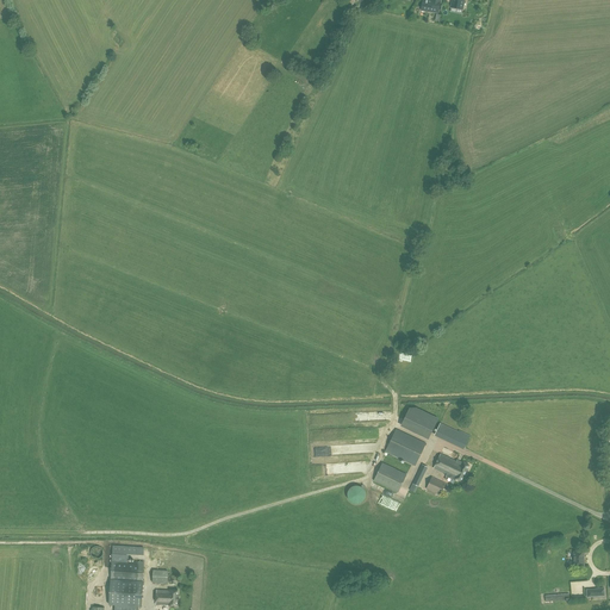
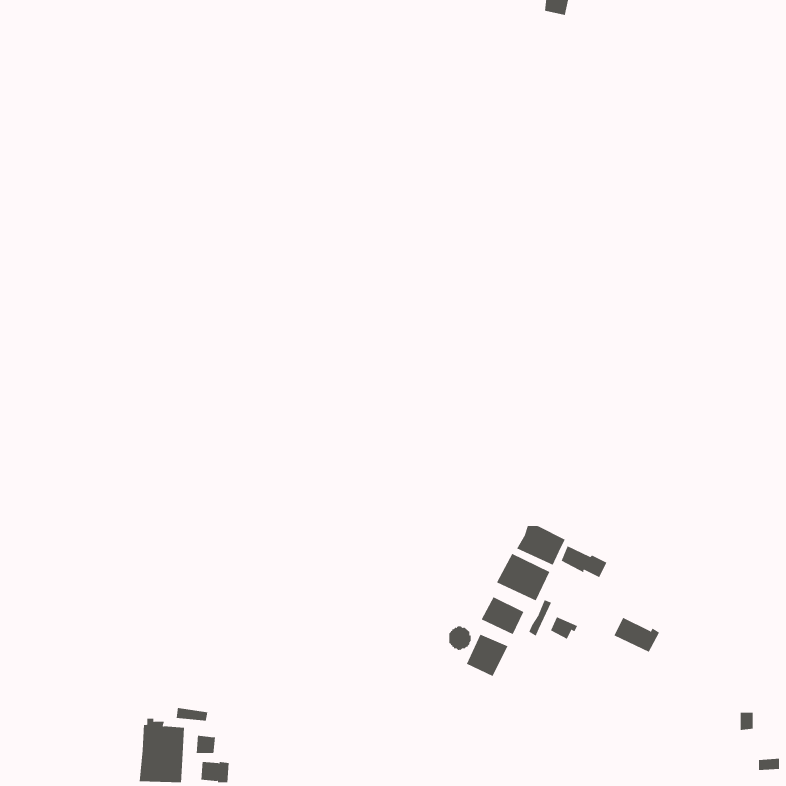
building: [432,453,468,480] -> [614,617,660,652]
building: none -> [466,634,508,677]

